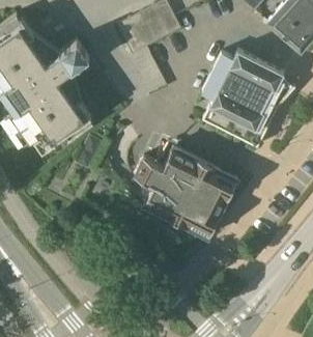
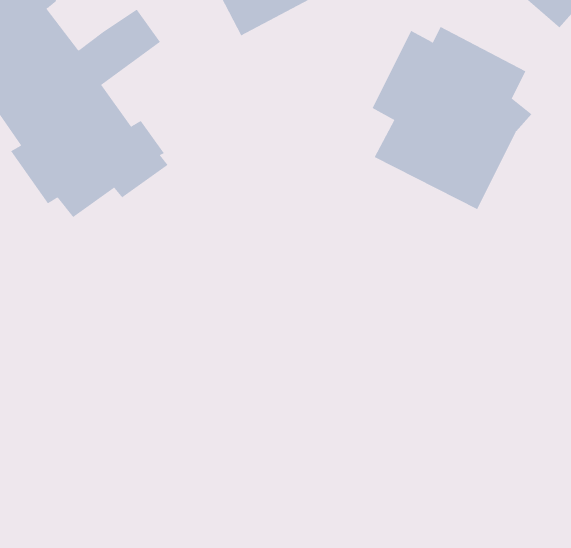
building: [134,145,238,236] -> none

